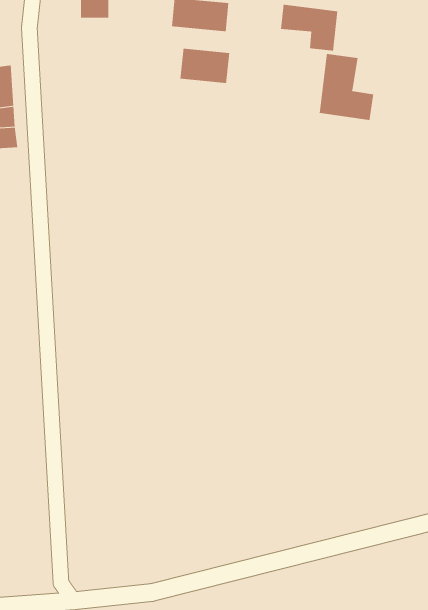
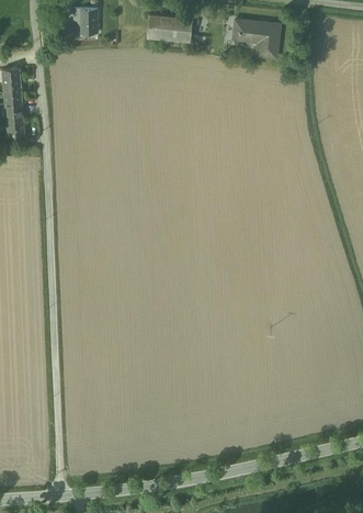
building: [180,48,230,84] -> none
building: [319,53,374,121] -> none

